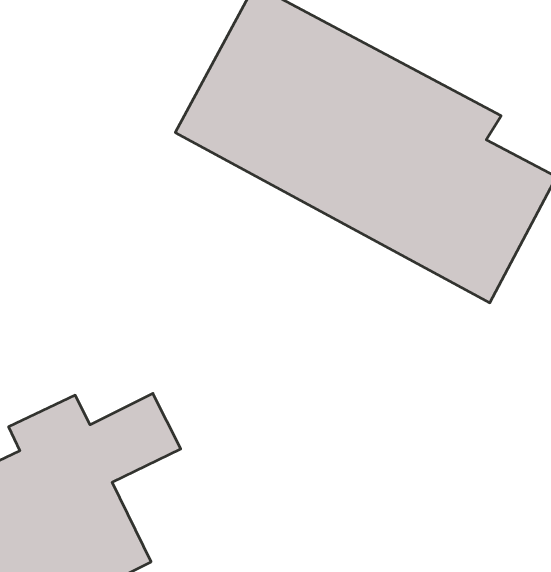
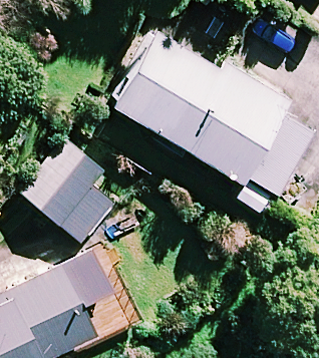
building: none -> [23,142,114,245]

